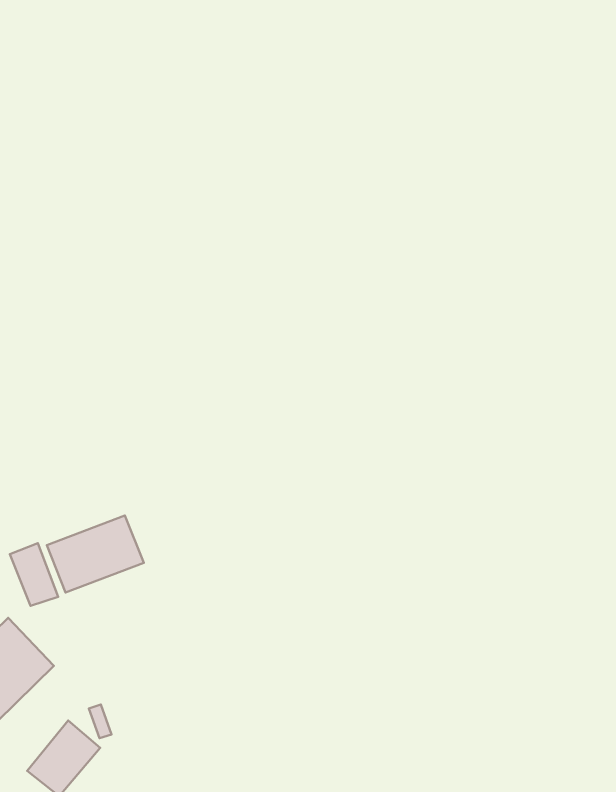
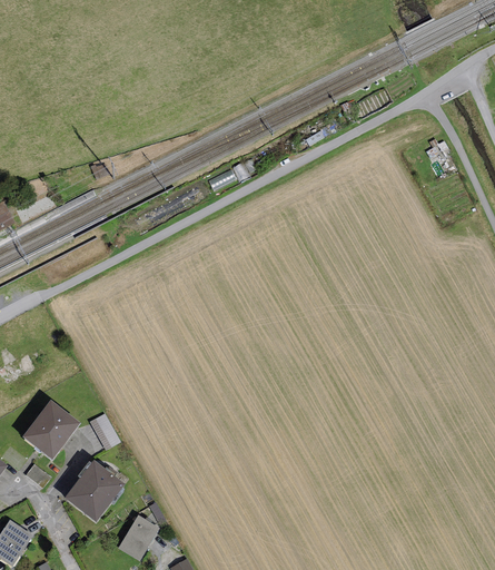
building: [47,516,144,592] -> none

